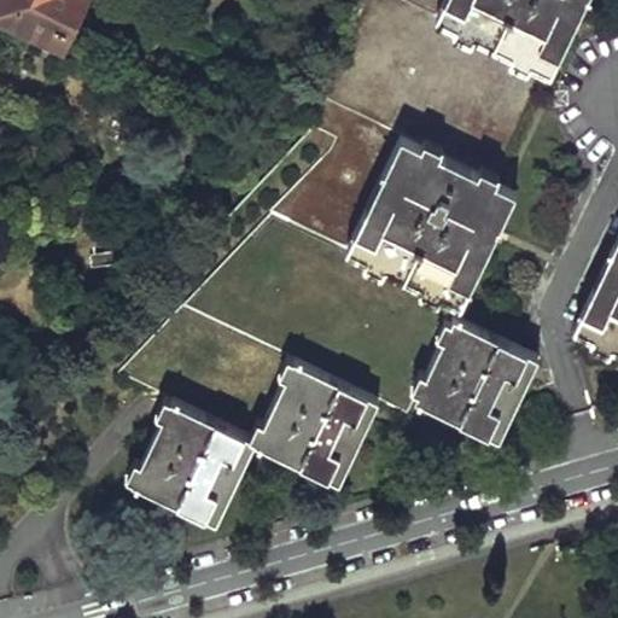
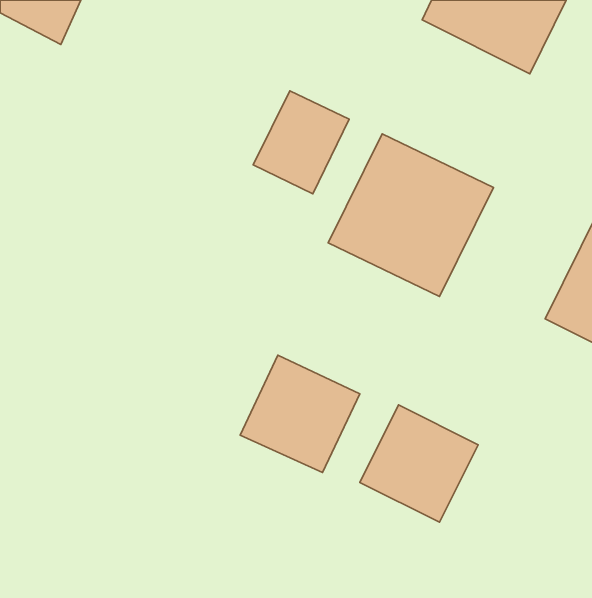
building: none -> [253,91,349,194]
building: [413,321,535,442] -> [360,405,478,522]
building: [136,412,253,524] -> none

